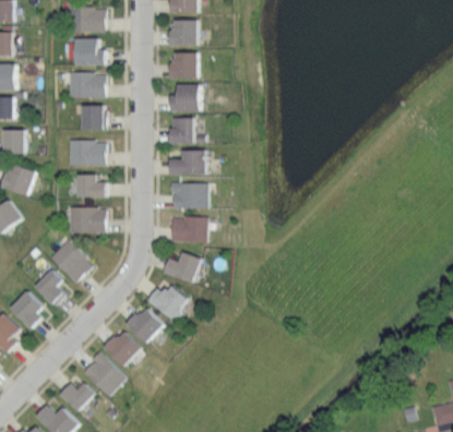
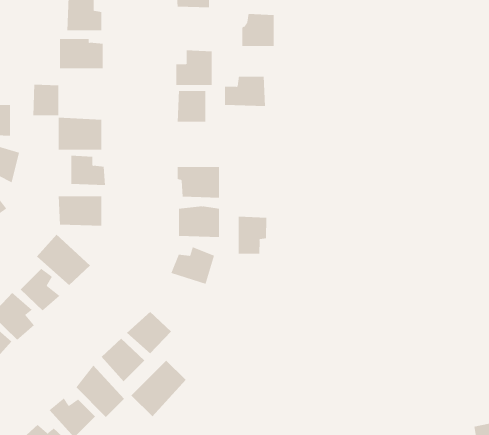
building: [169,50,198,79] -> [241,13,274,46]
building: [81,105,104,132] -> [32,84,59,116]
building: [170,149,206,176] -> [224,76,266,107]
building: none -> [238,216,267,255]
building: [148,285,193,321] -> none
building: none -> [130,360,186,417]

